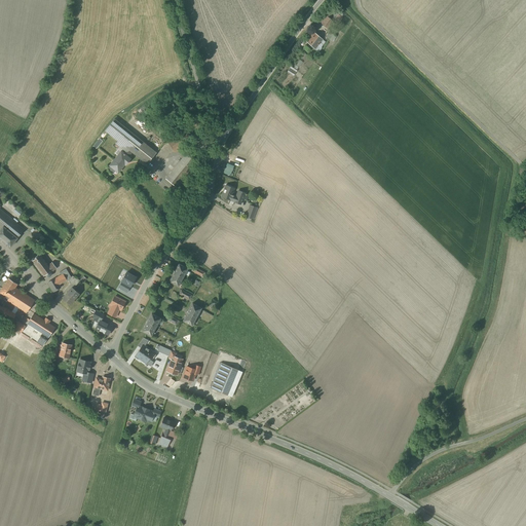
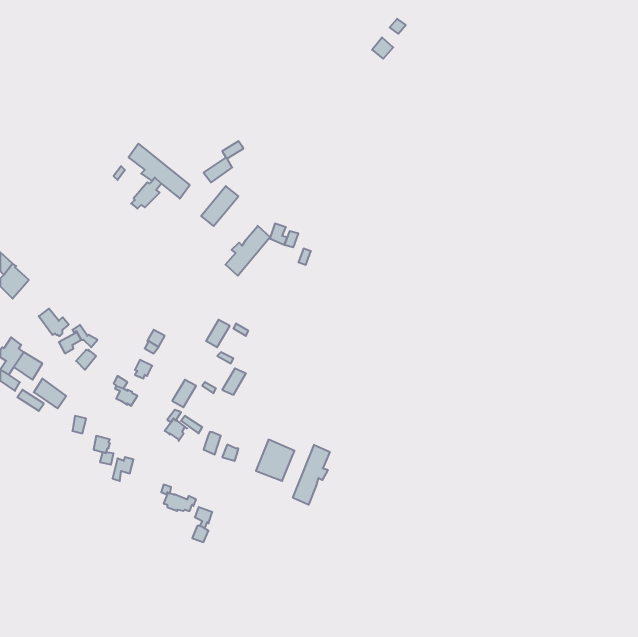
building: none -> [225,226,270,276]
building: none -> [293,445,330,505]

